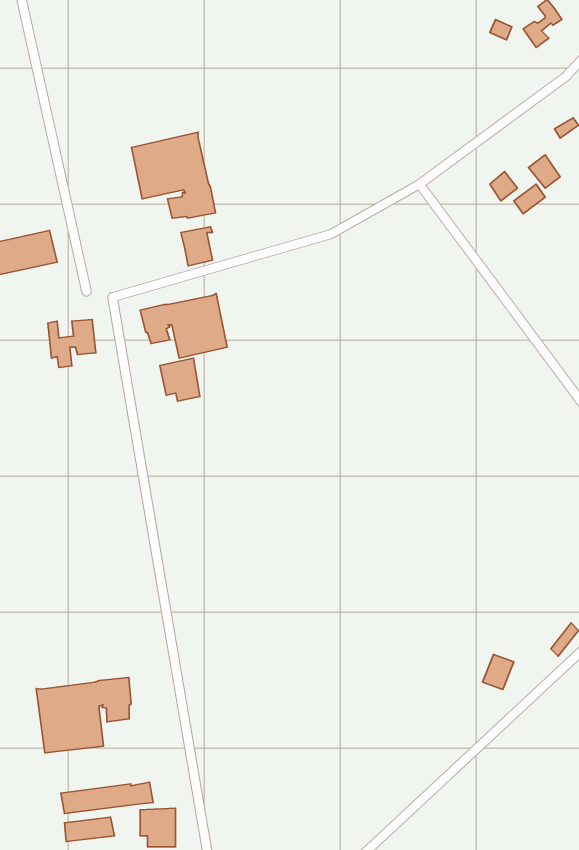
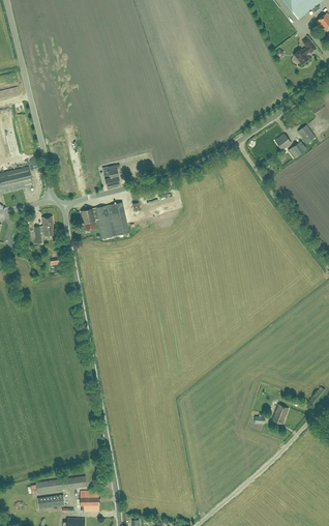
building: [132,132,216,218] -> none
building: [160,358,200,401] -> none
building: [36,677,131,753] -> none

